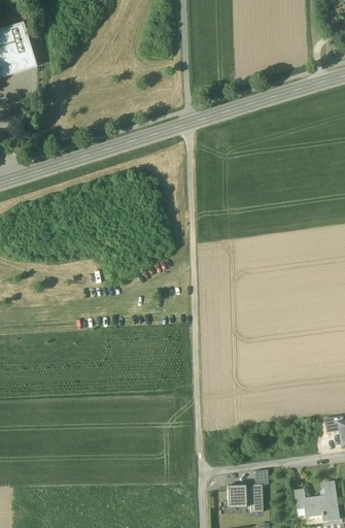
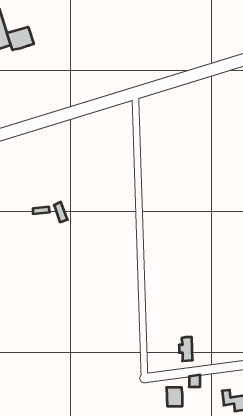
building: none -> [7,27,34,50]
building: [246,484,263,513] -> [179,337,193,361]

